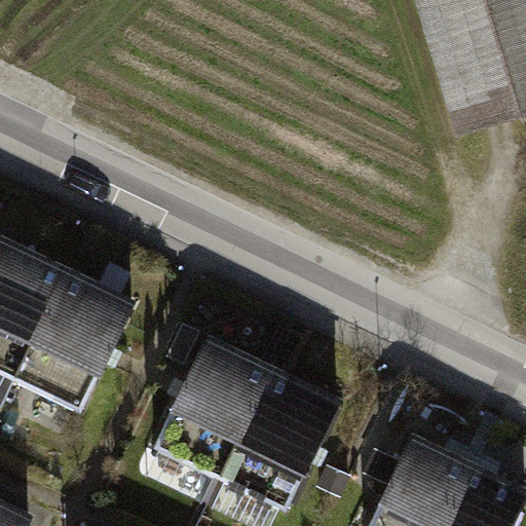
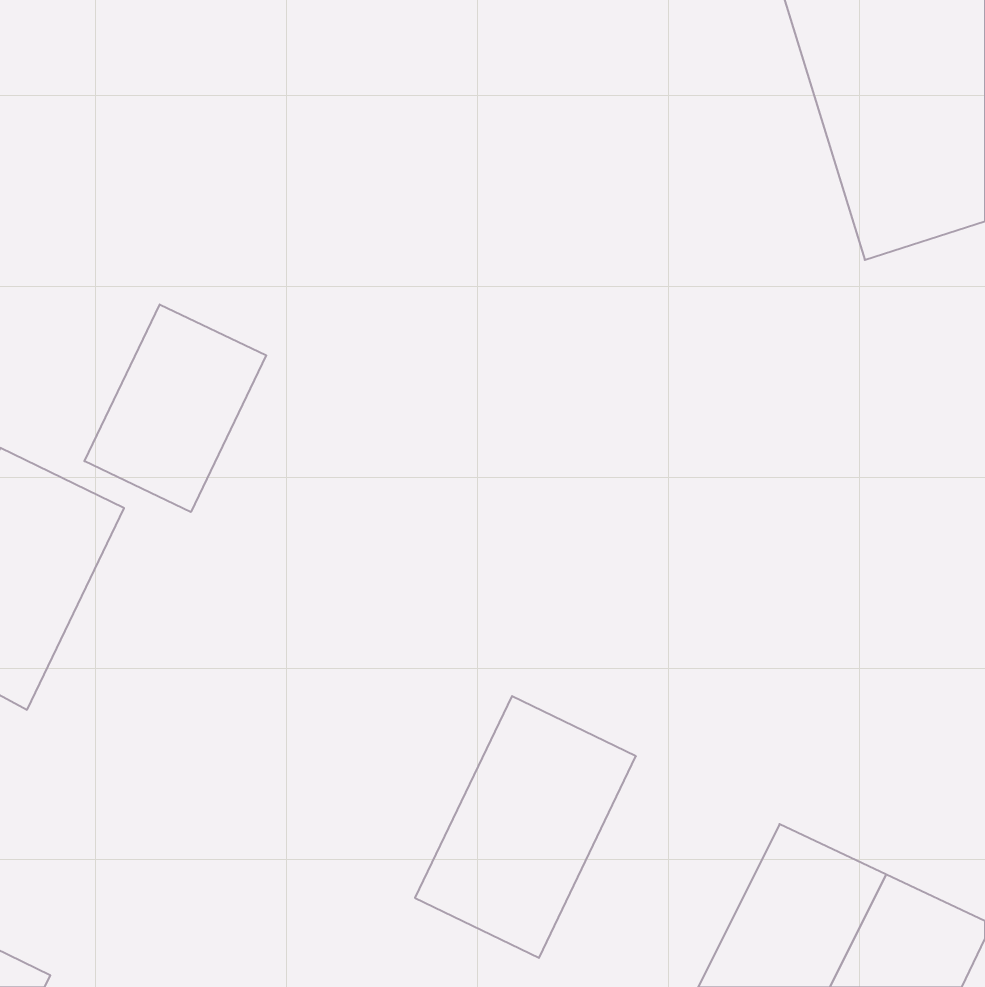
building: none -> [84,304,266,512]
building: [14,269,130,407] -> none
building: [155,338,271,476] -> none

